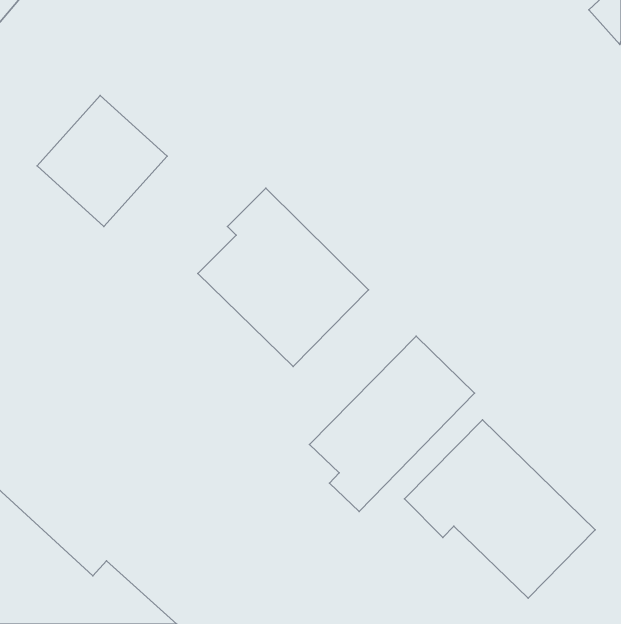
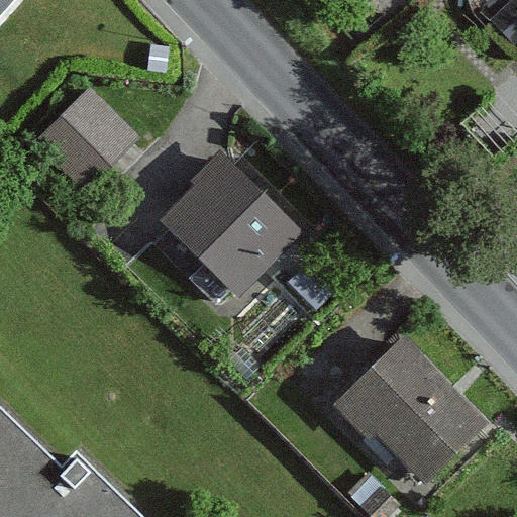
building: [309,336,474,511] -> none

